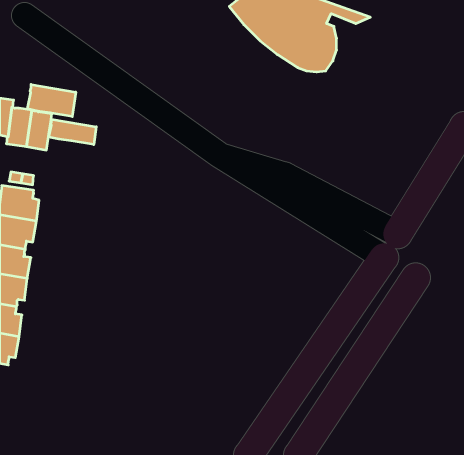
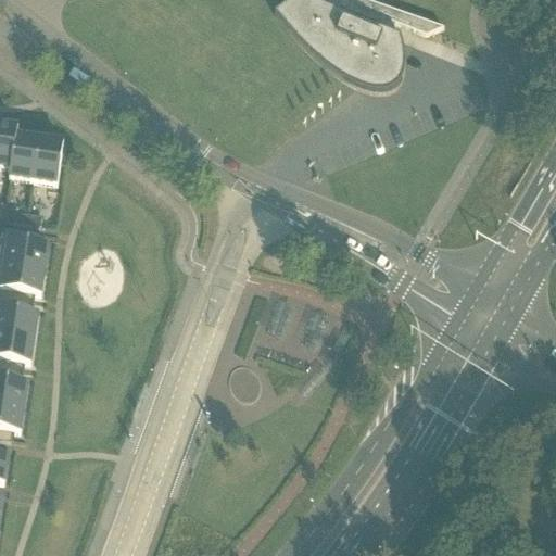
building: [28,84,76,117] -> none
building: [49,119,96,145] -> none

